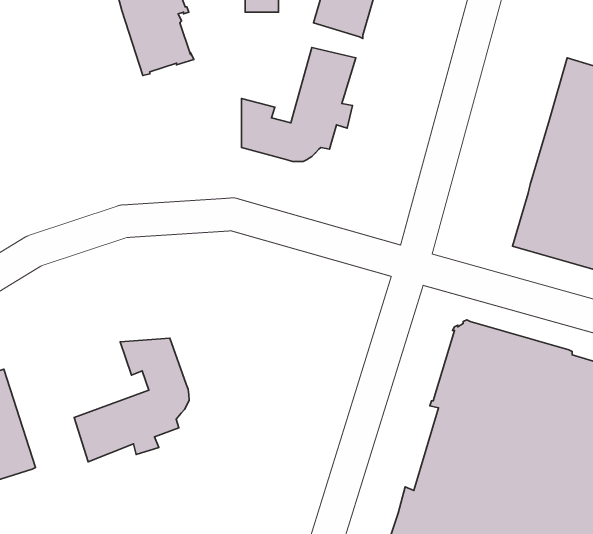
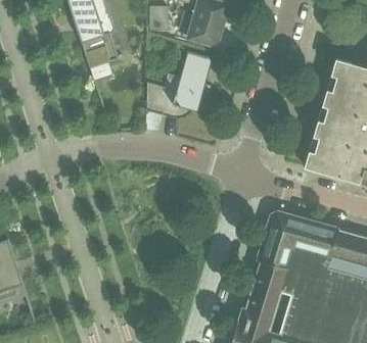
building: [74,338,189,462] -> none

